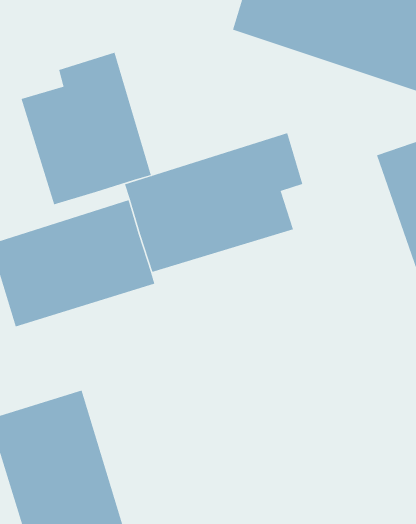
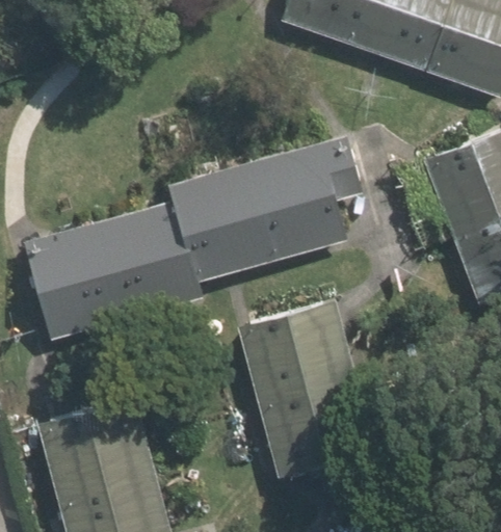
building: [21,52,151,205] -> none
building: none -> [240,300,366,473]

